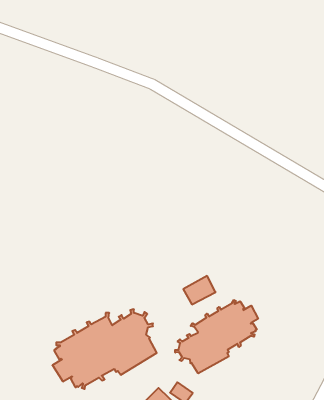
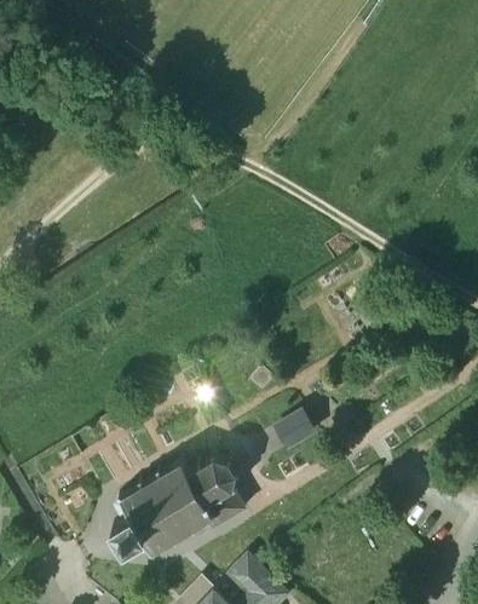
building: [175,300,258,373] -> none

